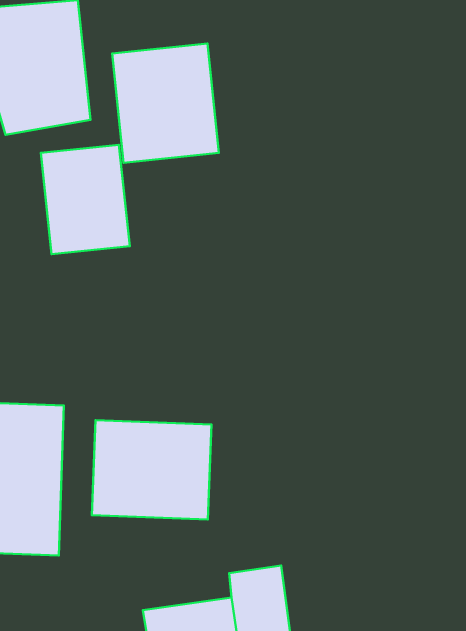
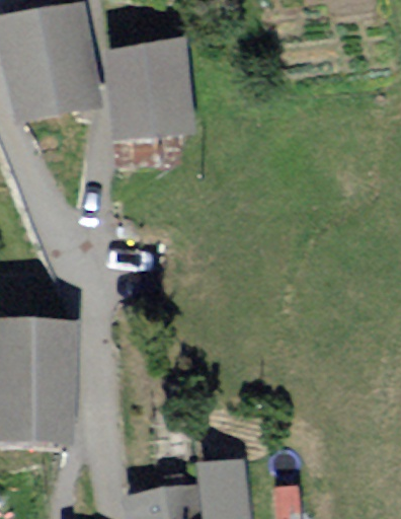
building: [41,145,130,254] -> none
building: [92,420,211,519] -> none

